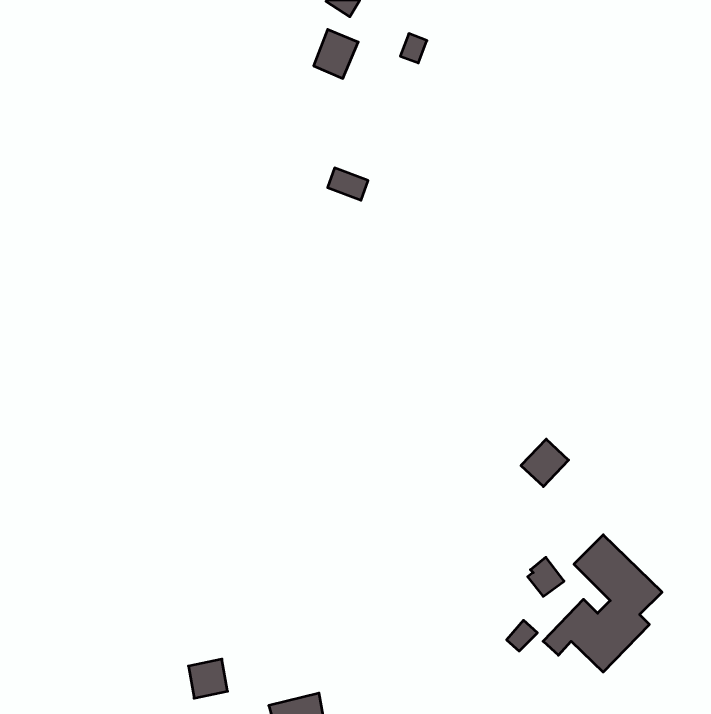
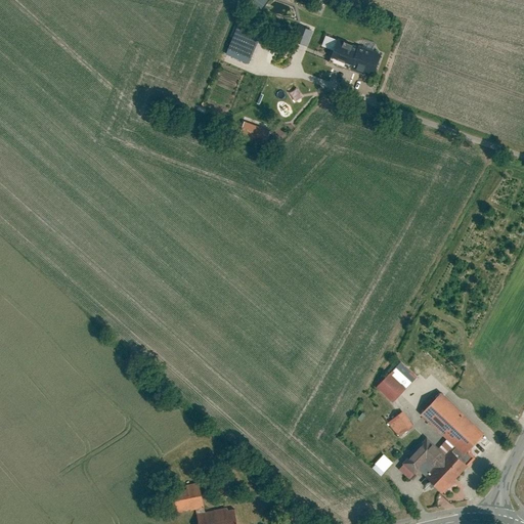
building: none -> [331,40,381,76]
building: [521,439,569,487] -> [376,368,410,403]
building: [188,659,228,698] -> [174,484,203,513]

